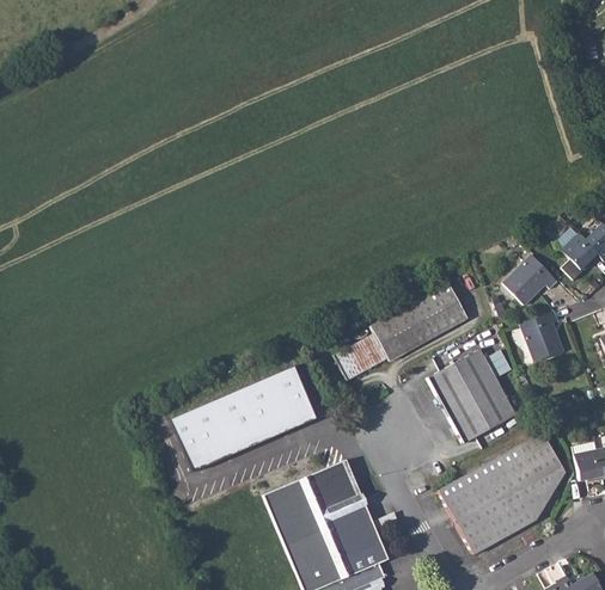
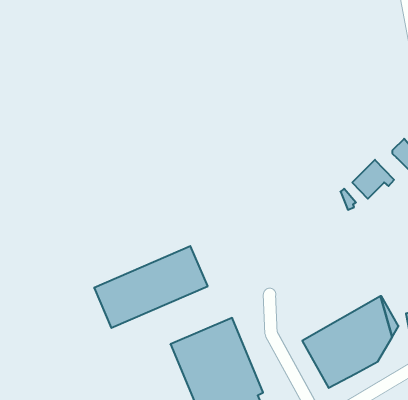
building: [335,282,469,380] -> none
building: [521,311,564,362] -> none
building: [428,349,517,443] -> none

